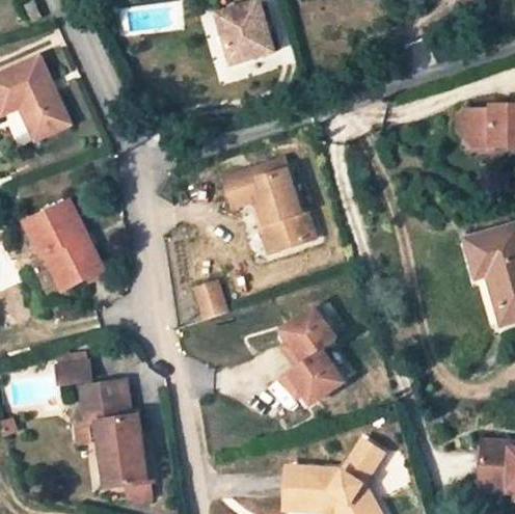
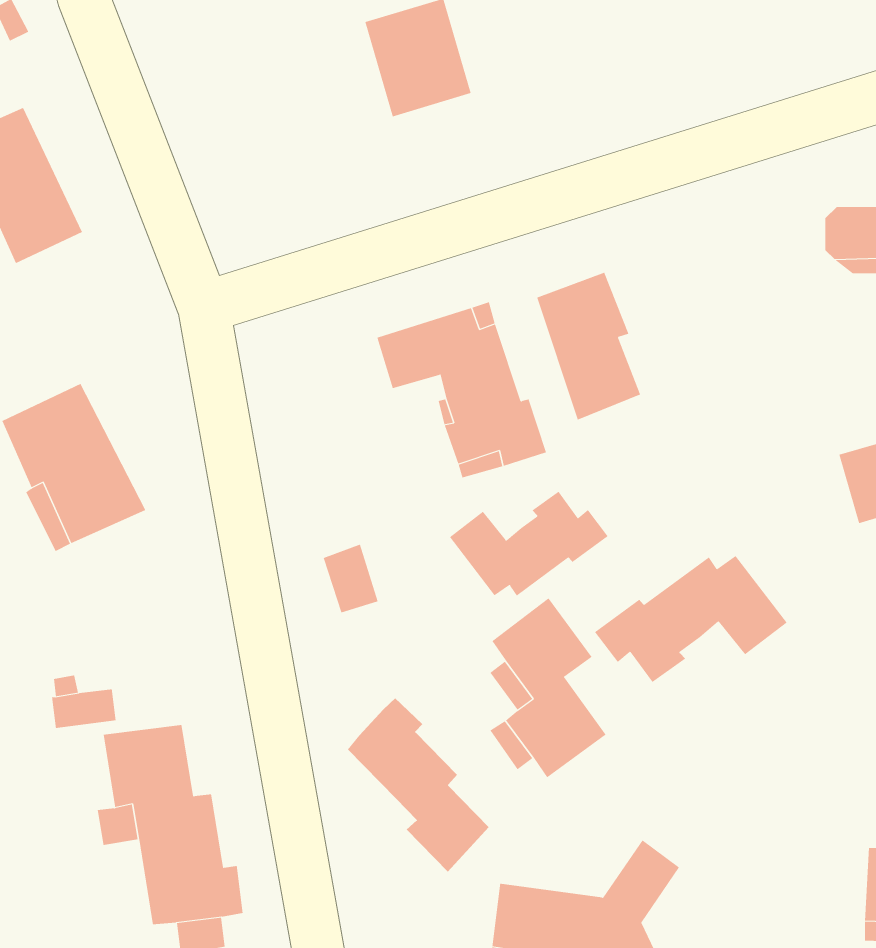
building: none -> [537,272,641,420]
building: none -> [449,491,608,596]
building: none -> [594,555,787,683]
building: none -> [347,697,489,873]

